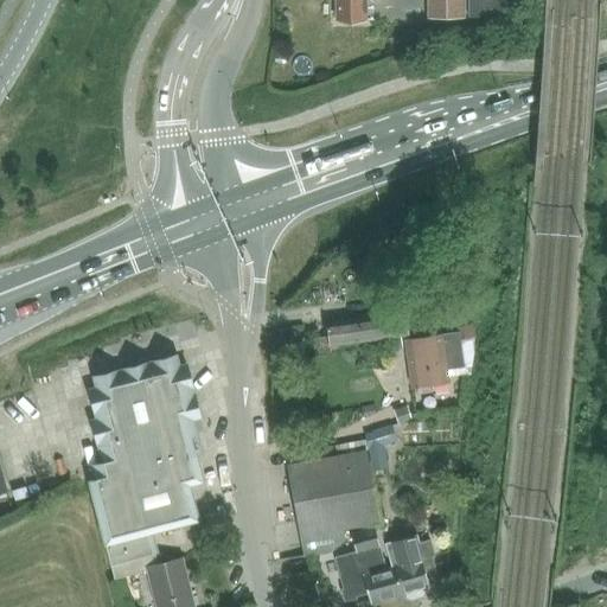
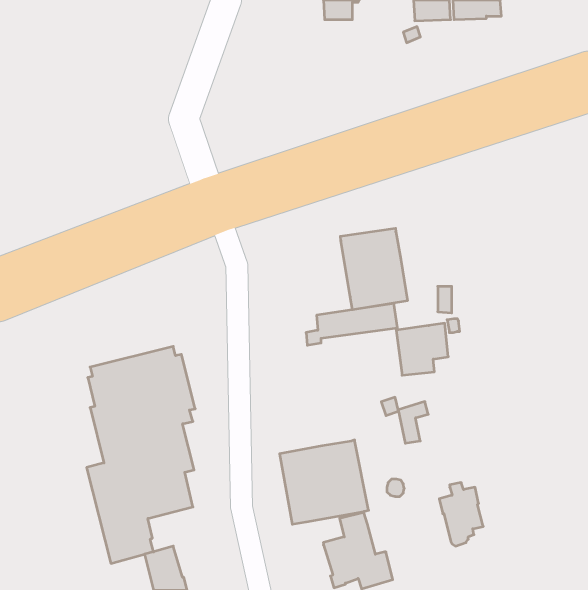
building: none -> [340,228,407,310]
building: [362,427,392,469] -> [398,402,428,443]
building: [391,535,436,600] -> [439,483,483,546]

